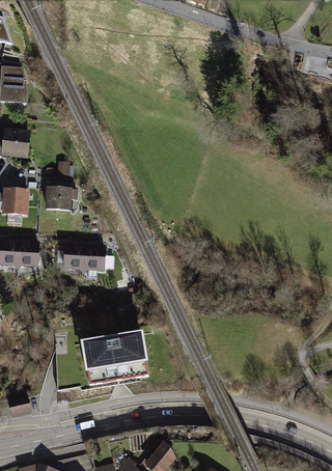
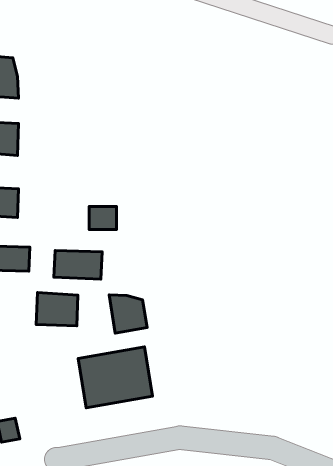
building: [47,188,72,209] -> [89,207,117,230]
building: none -> [36,292,78,326]
building: none -> [109,295,147,333]

